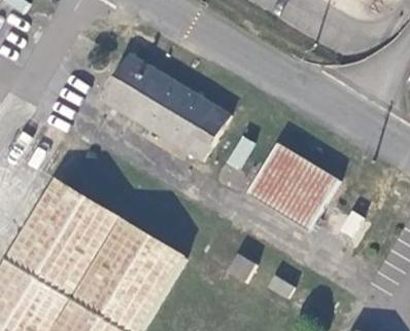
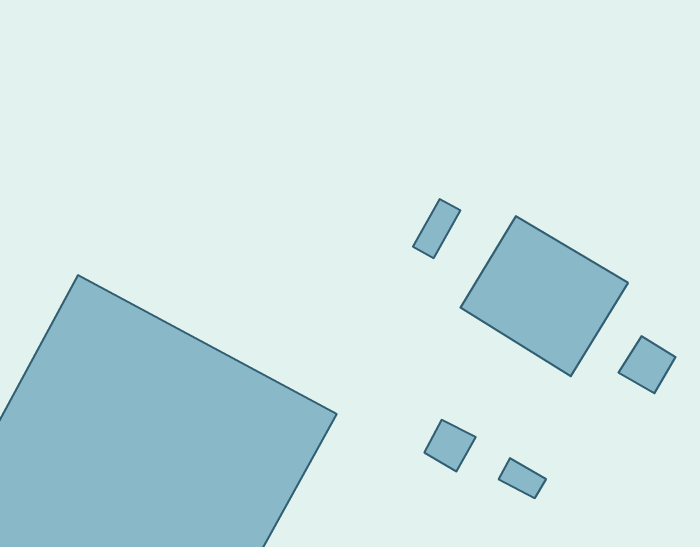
building: [104,57,232,162] -> none

